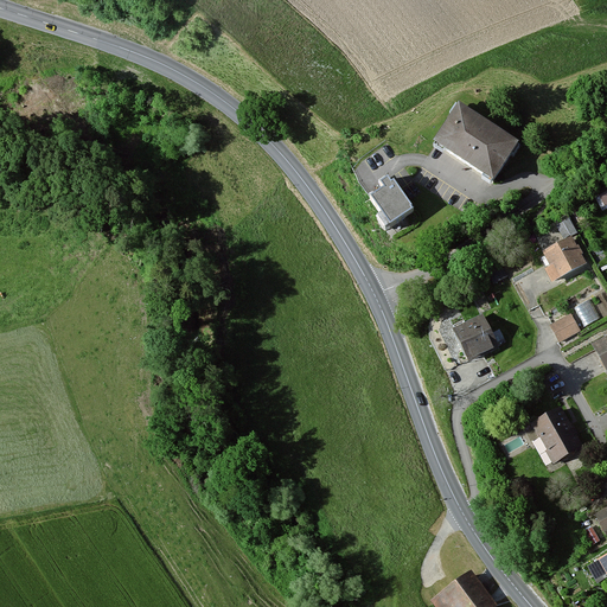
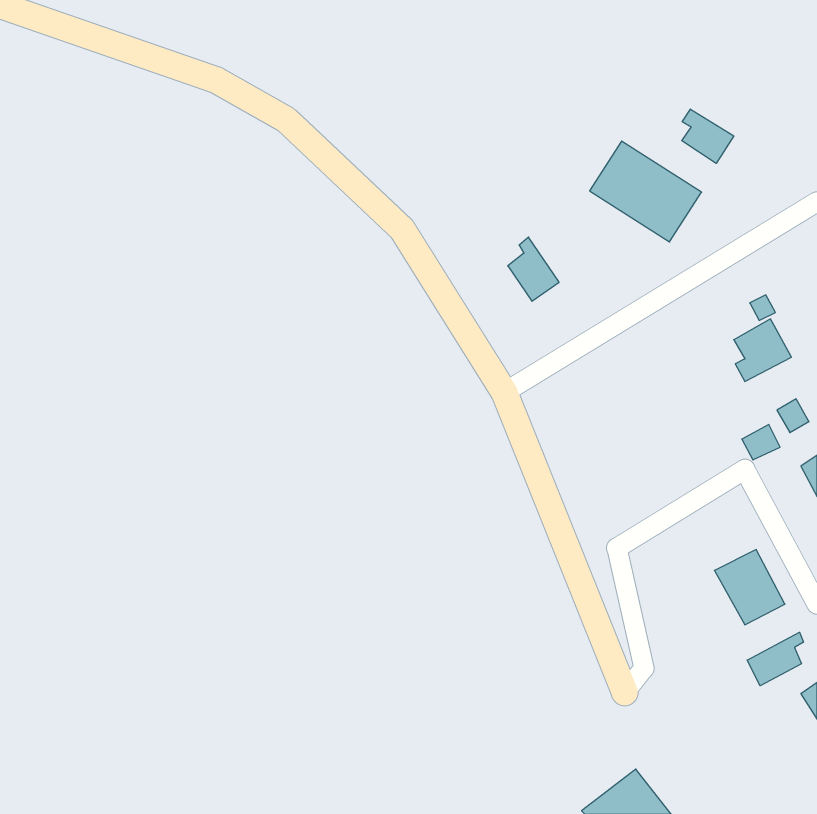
building: none -> [682,109,734,163]
building: [452,313,498,362] -> none
building: none -> [747,632,803,686]

